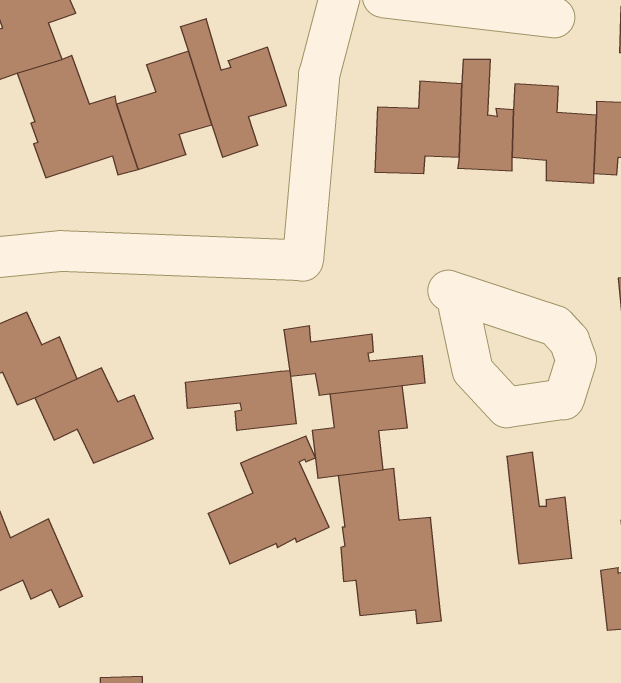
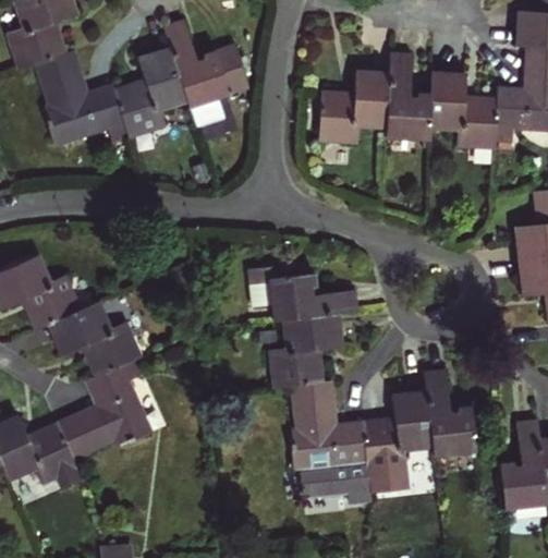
building: [186,371,296,431] -> none
building: [208,436,329,564] -> [58,359,155,461]
building: none -> [364,390,434,494]

